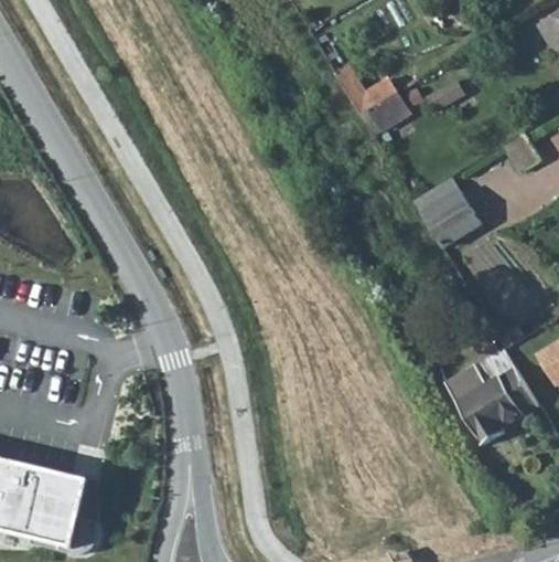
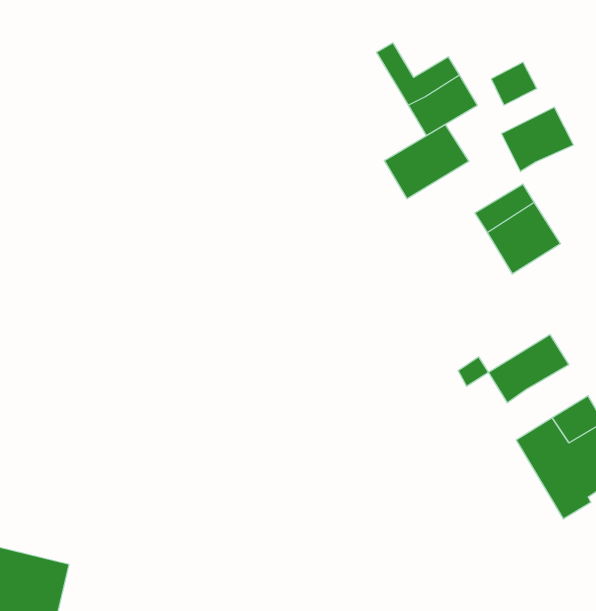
building: none -> [501,107,573,172]
building: none -> [384,124,469,199]
building: none -> [489,334,569,403]

